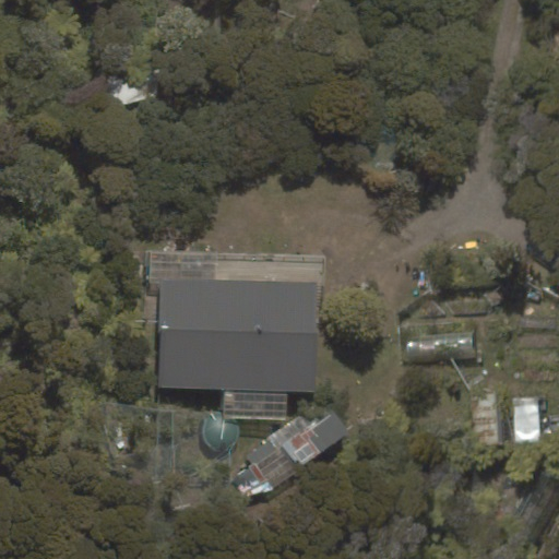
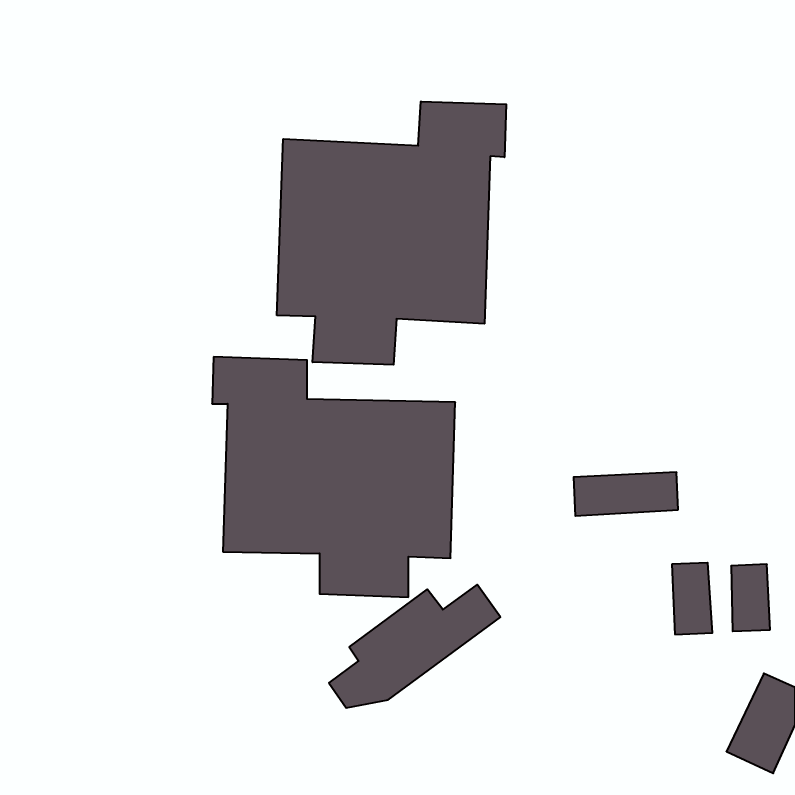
building: none -> [277,101,506,365]

